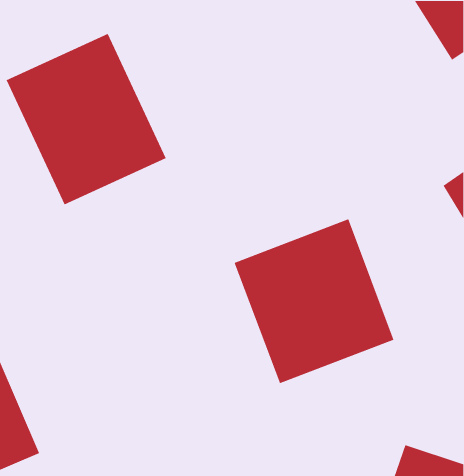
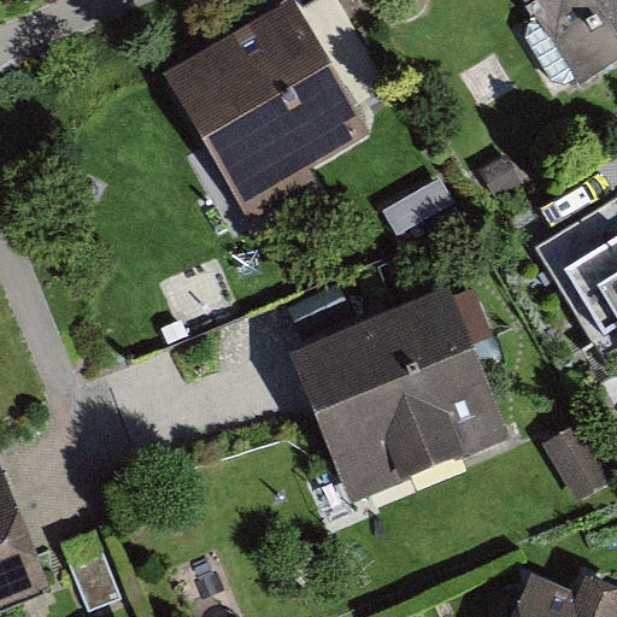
building: none -> [175,10,363,194]
building: [6,33,167,206] -> none

